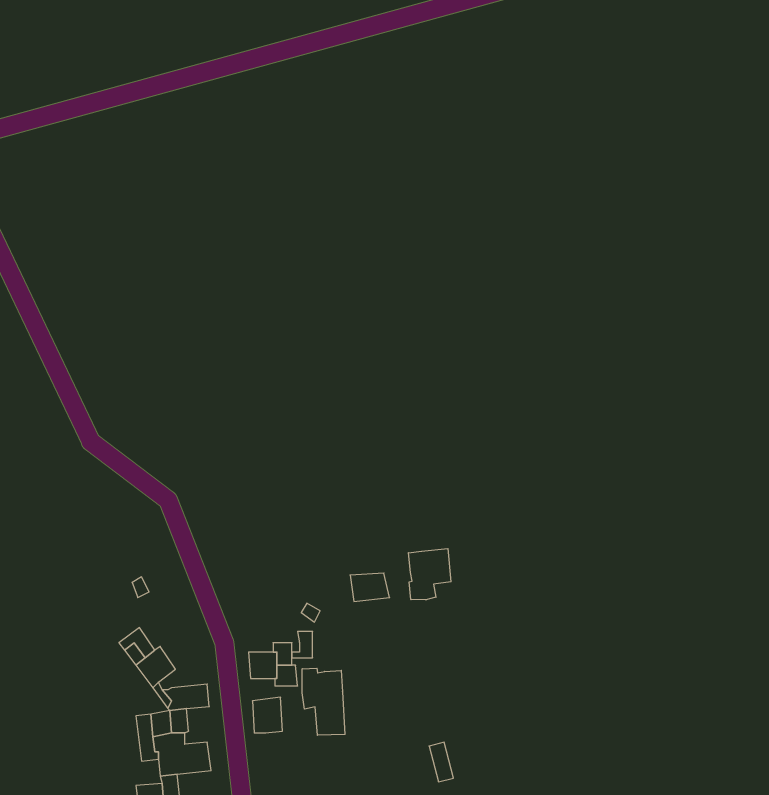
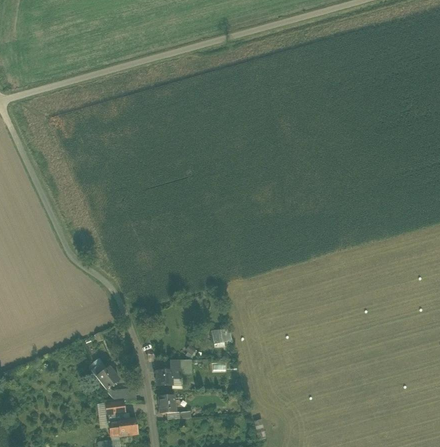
building: [408,549,451,600] -> none
building: [302,668,345,735] -> none

